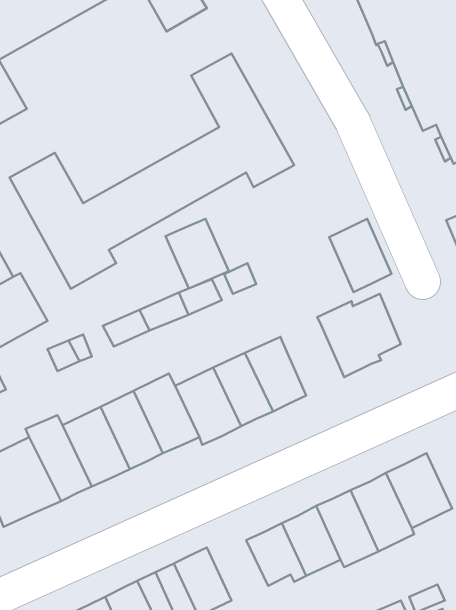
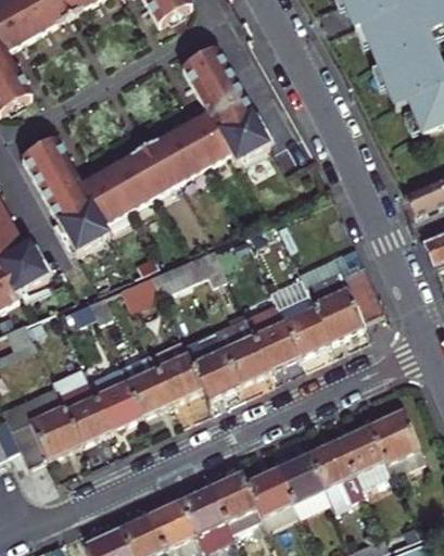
building: [329,219,392,292] -> [265,288,320,353]
building: [165,219,229,289] -> none
building: none -> [199,472,253,536]

